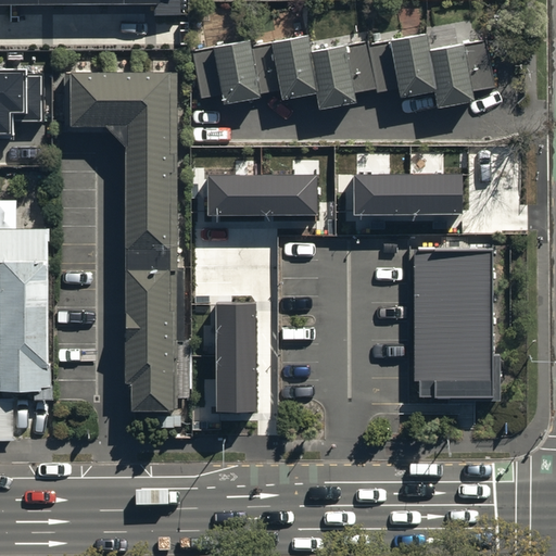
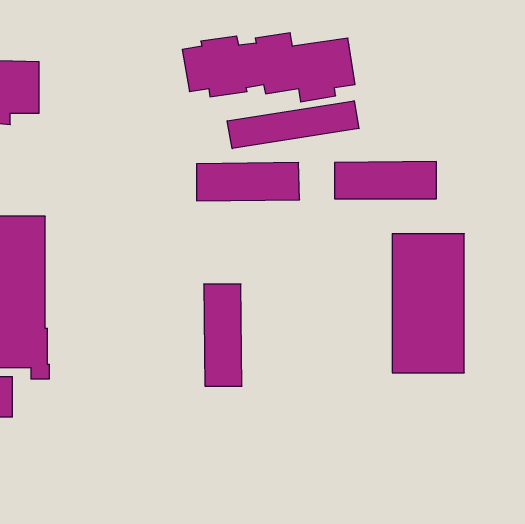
building: [368,35,495,109] -> none
building: [63,72,193,429] -> none
building: none -> [227,101,359,149]

